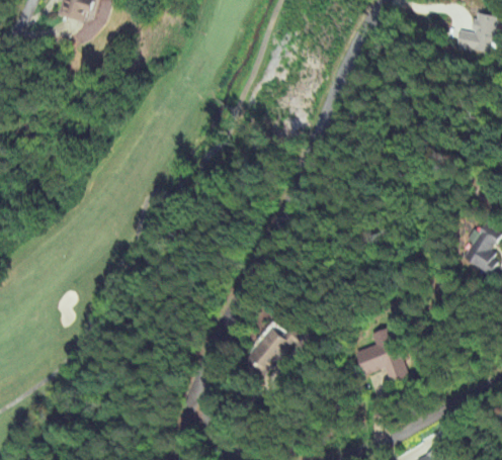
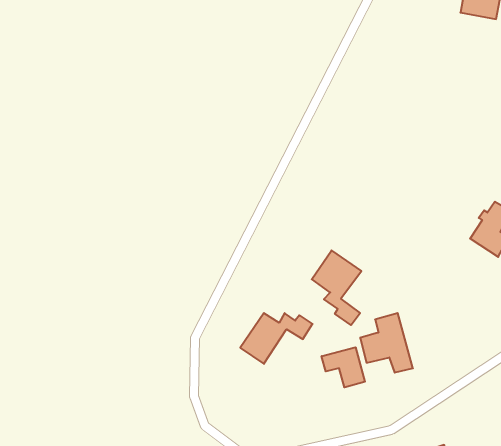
building: none -> [312,250,361,325]
building: none -> [322,347,365,387]

